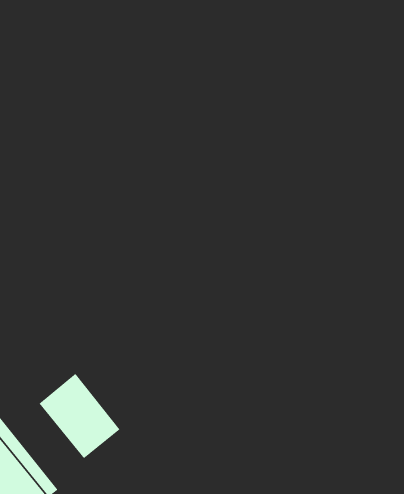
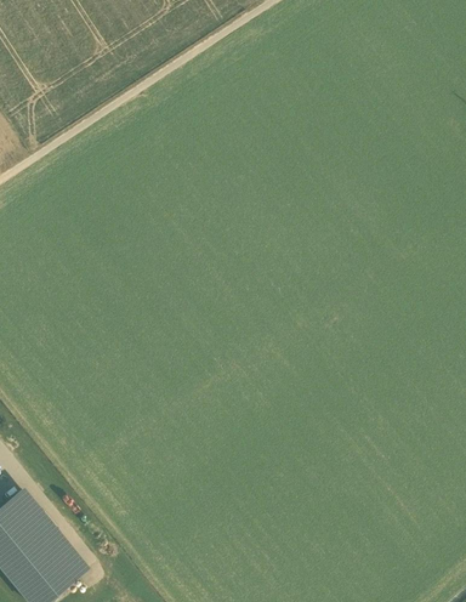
building: [38,373,121,459] -> none

